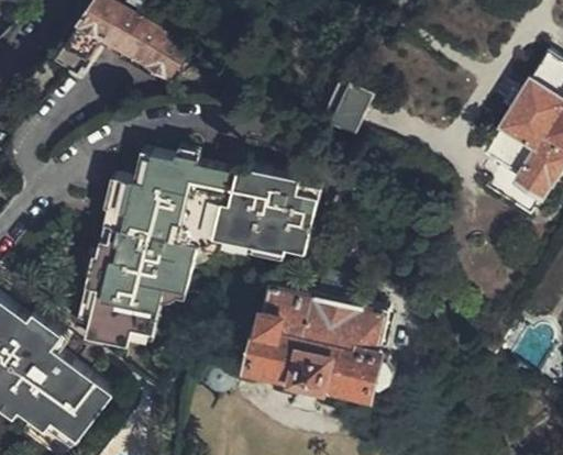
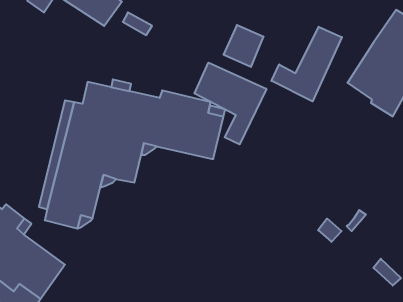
building: none -> [271,27,342,101]
building: none -> [195,63,266,144]
building: [236,266,390,399] -> none

